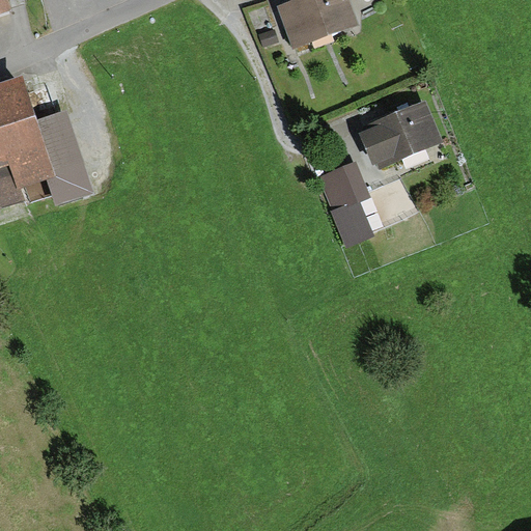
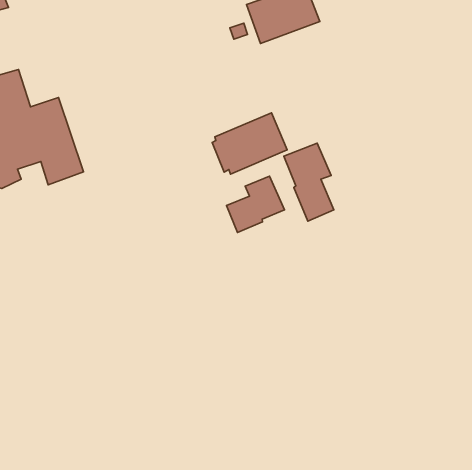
building: [358,100,442,168] -> [212,113,287,174]
building: none -> [226,176,284,232]

